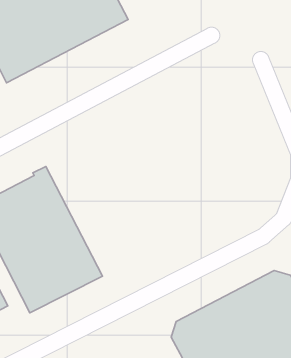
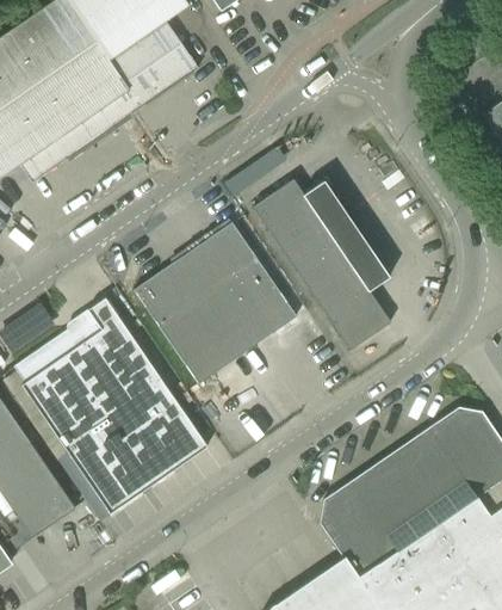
building: none -> [252,178,390,349]
building: none -> [134,222,296,383]

